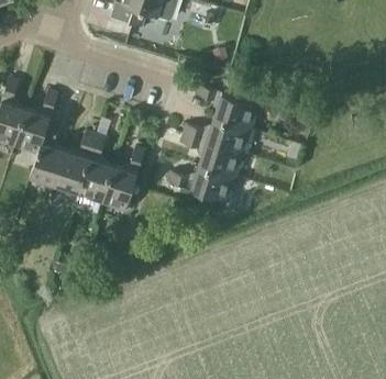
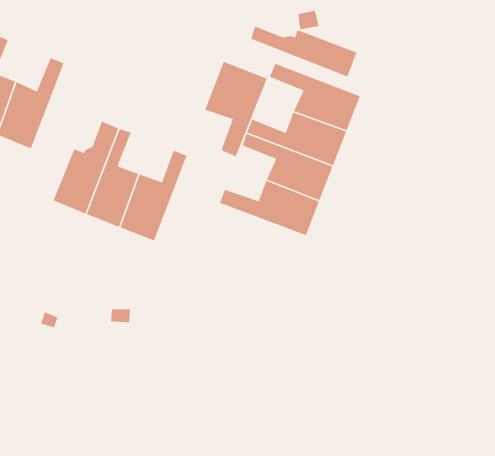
building: none -> [250,25,357,77]
building: none -> [204,61,268,157]
building: [29,112,67,188] -> none

